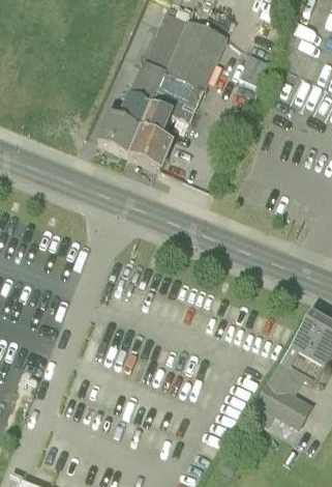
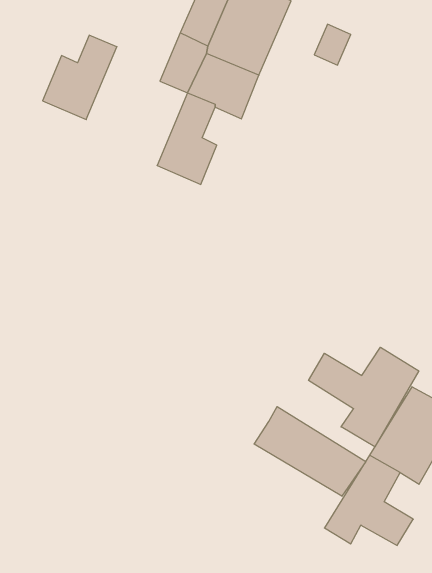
building: [99,92,152,152] -> [43,35,117,120]
building: none -> [309,347,419,447]
building: none -> [254,407,366,496]

